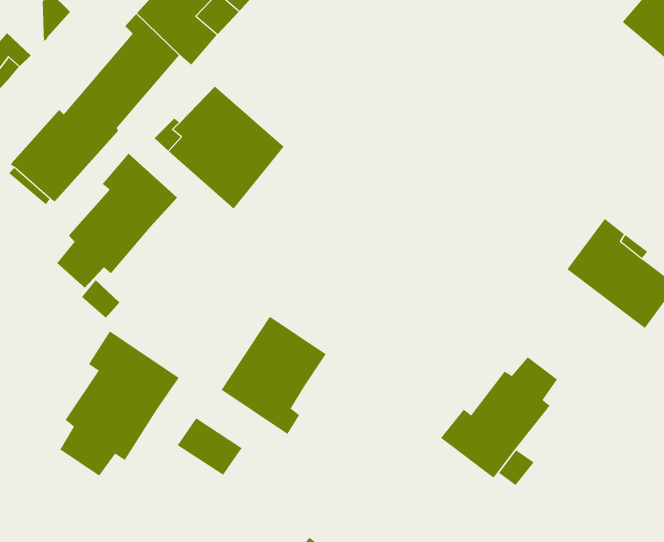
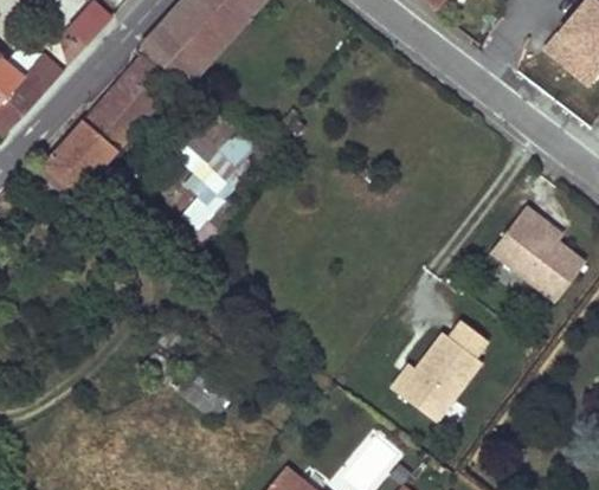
building: [57,153,178,288] -> none
building: [221,316,326,435] -> none
building: [59,331,179,476] -> none

